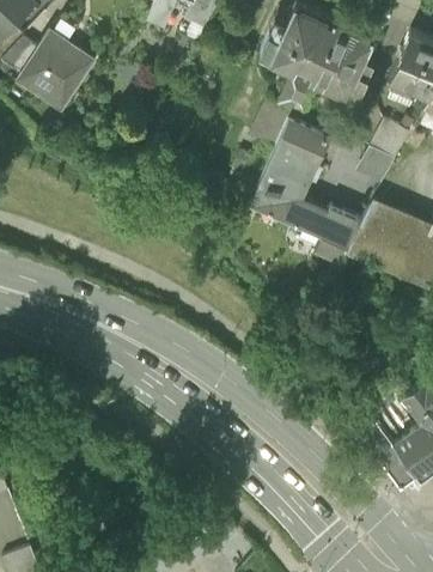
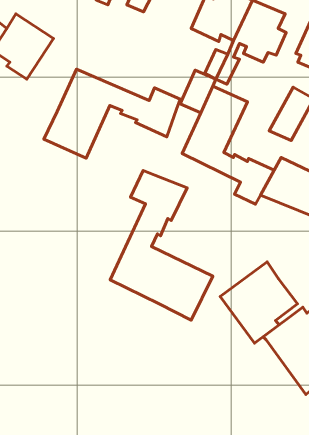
building: none -> [44,69,180,158]
building: none -> [110,170,213,320]
building: none -> [220,262,298,343]

